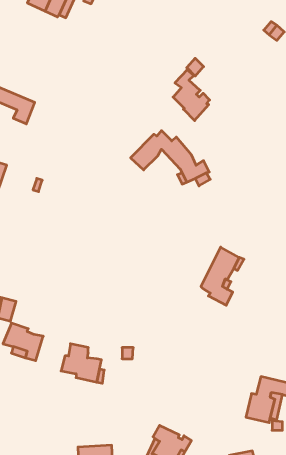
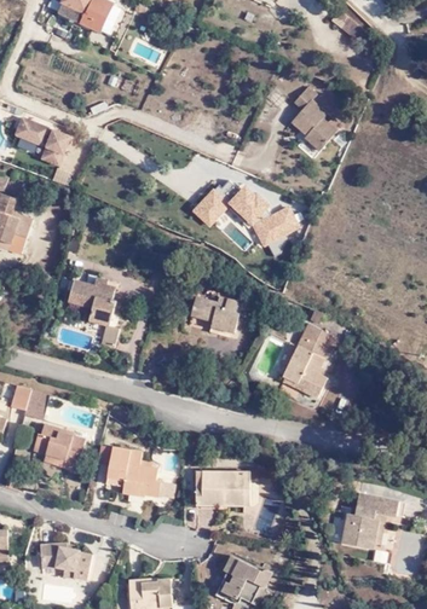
building: [173,70,210,121] -> [292,85,339,150]
building: none -> [71,280,119,347]
building: none -> [191,294,242,330]
building: none -> [191,471,241,509]
building: none -> [39,543,90,578]

